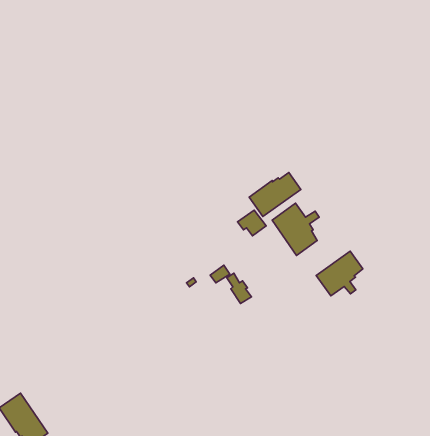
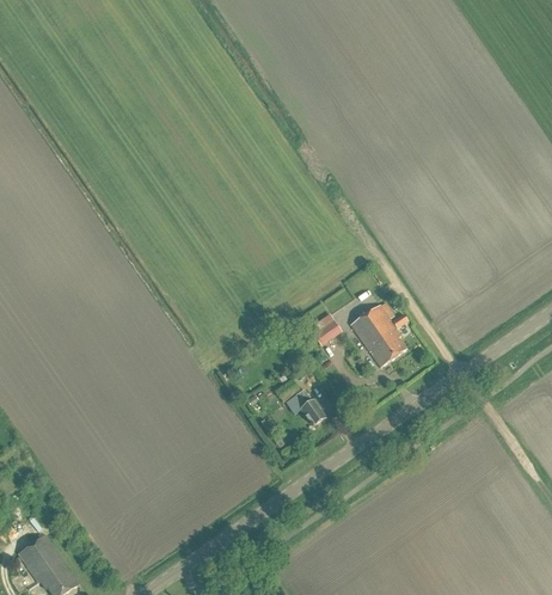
building: [249,173,301,216] -> none
building: [316,251,363,296] -> none

